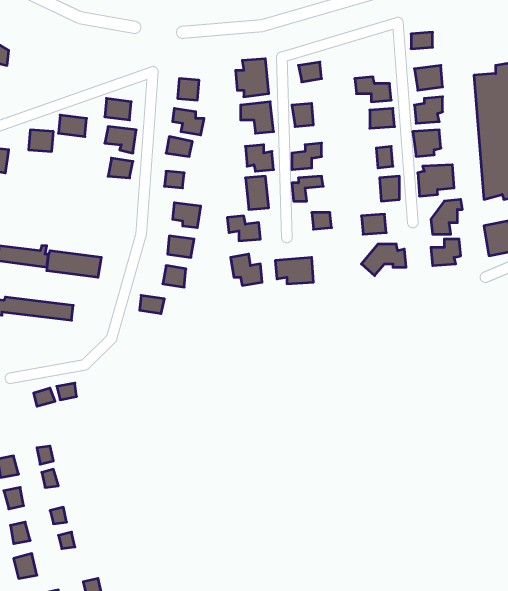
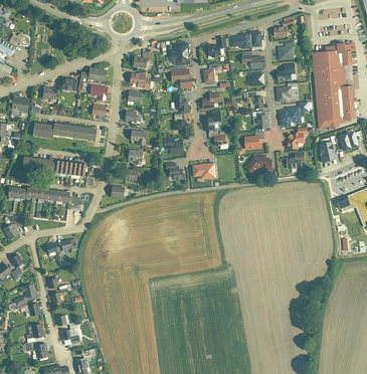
building: none -> [230,31,261,49]
building: none -> [31,122,96,140]

